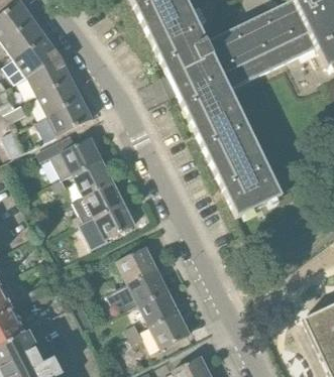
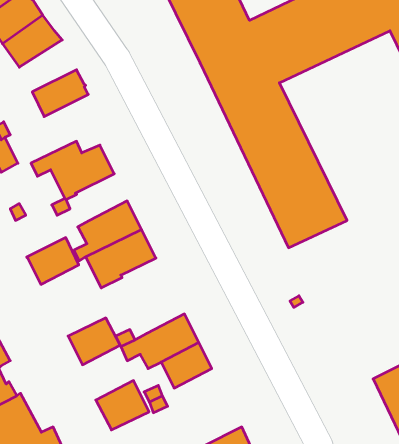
building: [28,54,73,95] -> none
building: [47,97,93,134] -> none
building: [72,158,112,195] -> [27,238,79,284]
building: [116,246,156,282] -> [68,318,120,365]
building: [148,309,190,348] -> [96,381,149,430]

